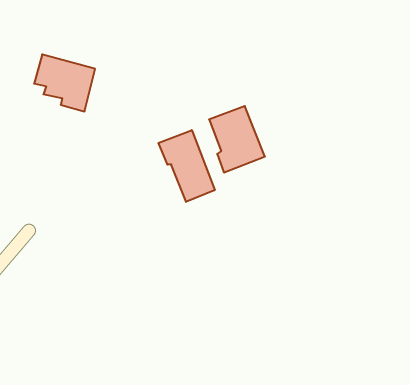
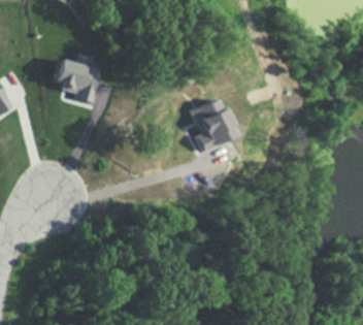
building: [158,130,215,202] -> none

